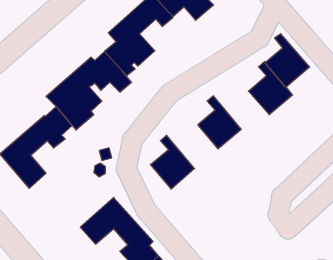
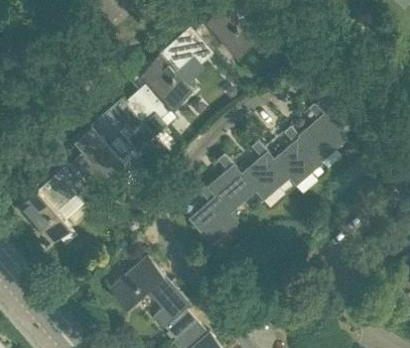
building: none -> [273,127,322,188]
building: none -> [206,155,263,224]

